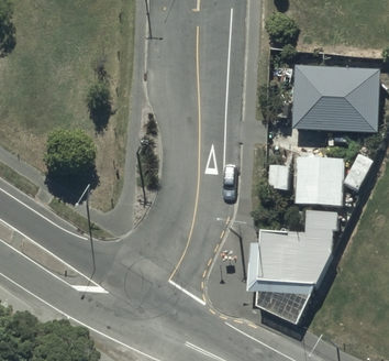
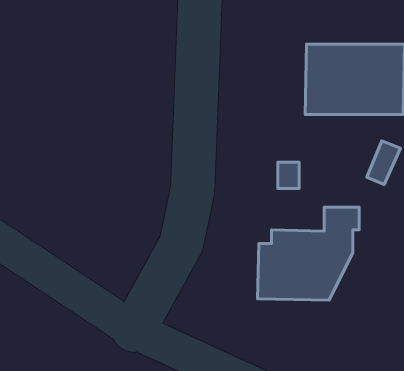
building: [296,158,340,206] -> none

